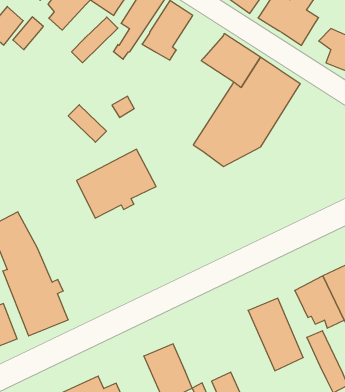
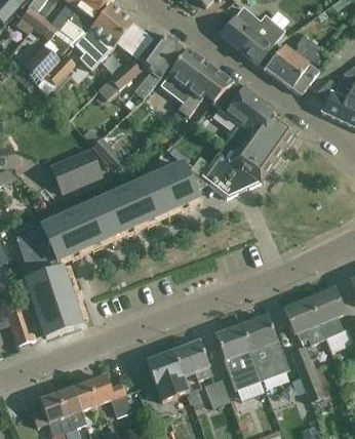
building: none -> [179,63,233,115]
building: none -> [51,149,102,192]
building: none -> [151,163,209,211]
building: none -> [43,202,111,260]
building: none -> [215,325,262,390]
building: none -> [173,341,211,380]

